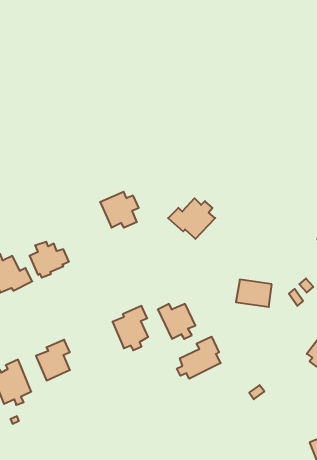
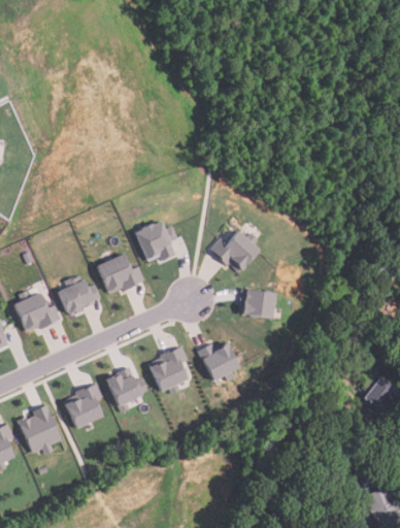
building: none -> [97,254,143,293]
building: [236,280,272,307] -> [237,288,276,318]
building: none -> [107,366,147,410]
building: [177,337,221,379] -> none

